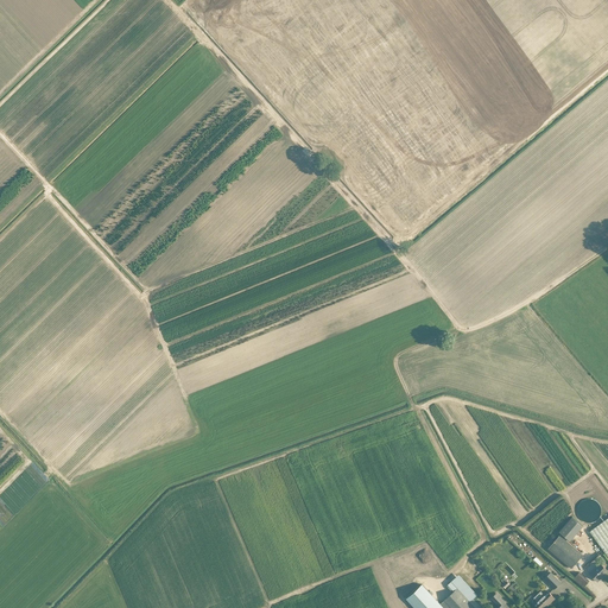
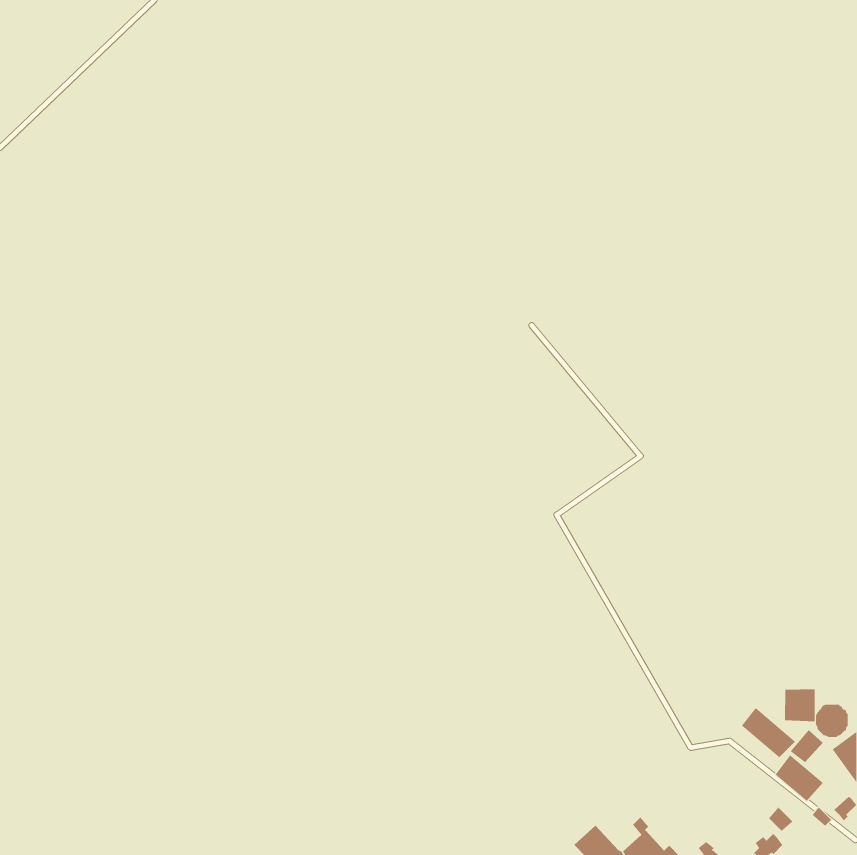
building: none -> [785,689,815,722]
building: none -> [741,707,796,758]

